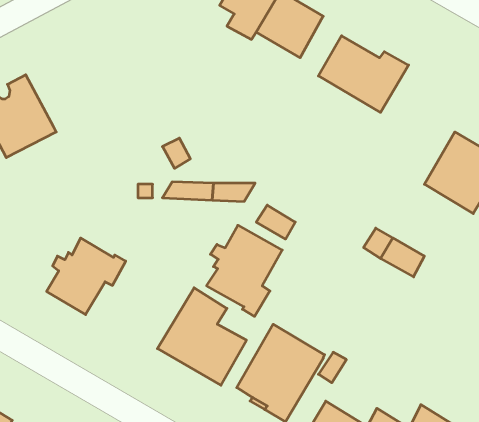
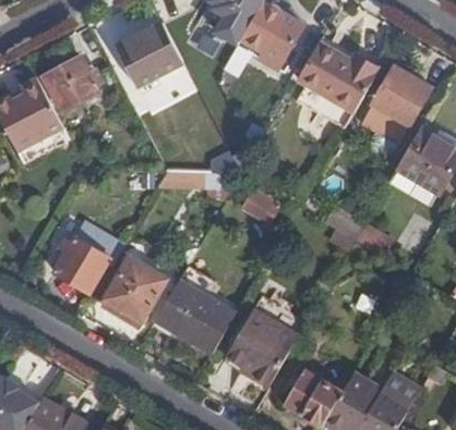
building: none -> [118,22,183,87]
building: none -> [44,58,101,114]
building: none -> [358,72,428,149]
building: [207,225,282,316] -> none
building: none -> [105,260,165,322]

